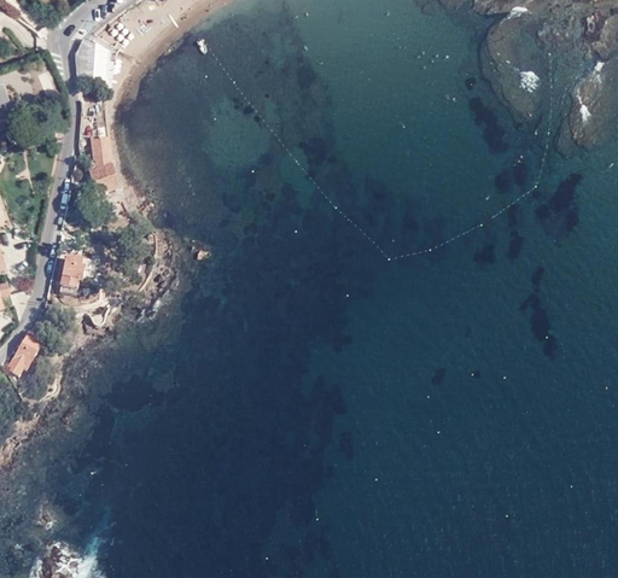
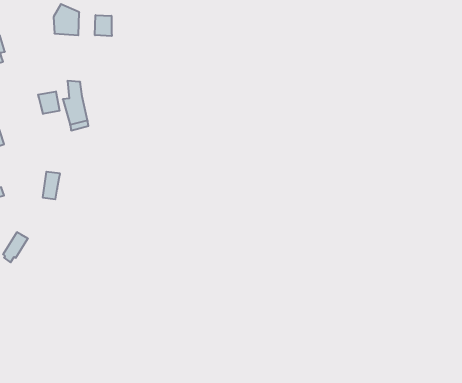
building: none -> [95,15,112,36]
building: none -> [38,91,60,114]

